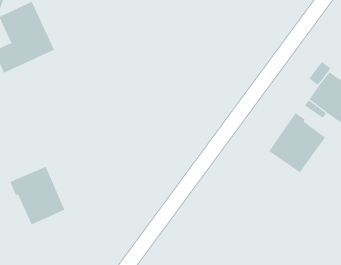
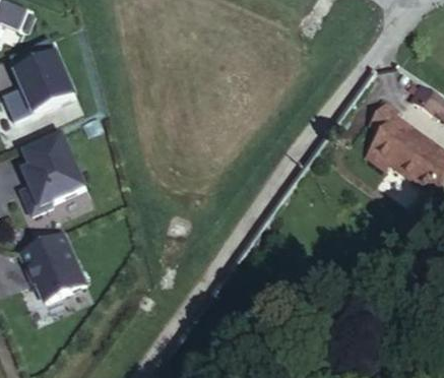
building: none -> [23,131,81,212]
building: [269,112,326,173] -> none

